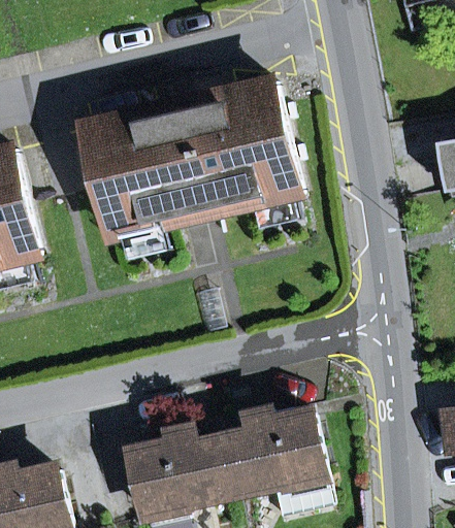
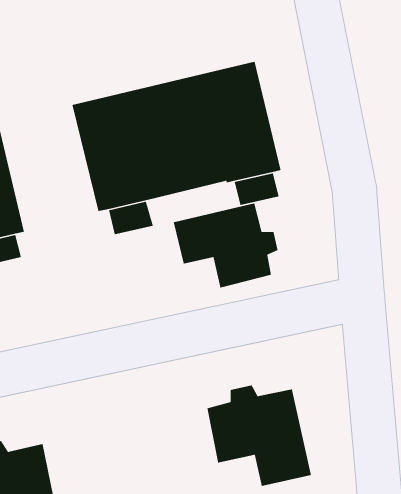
building: none -> [173,202,278,288]
building: [132,427,234,514] -> none

